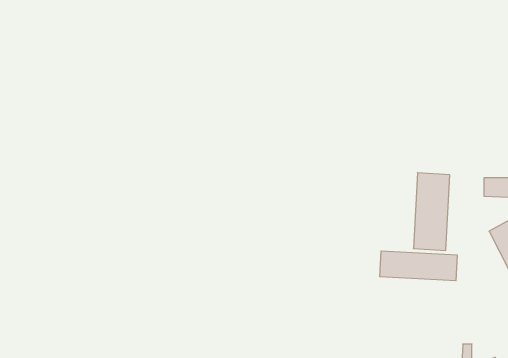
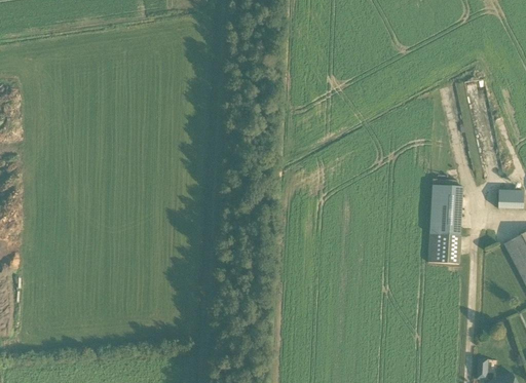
building: [380,251,457,281] -> none

